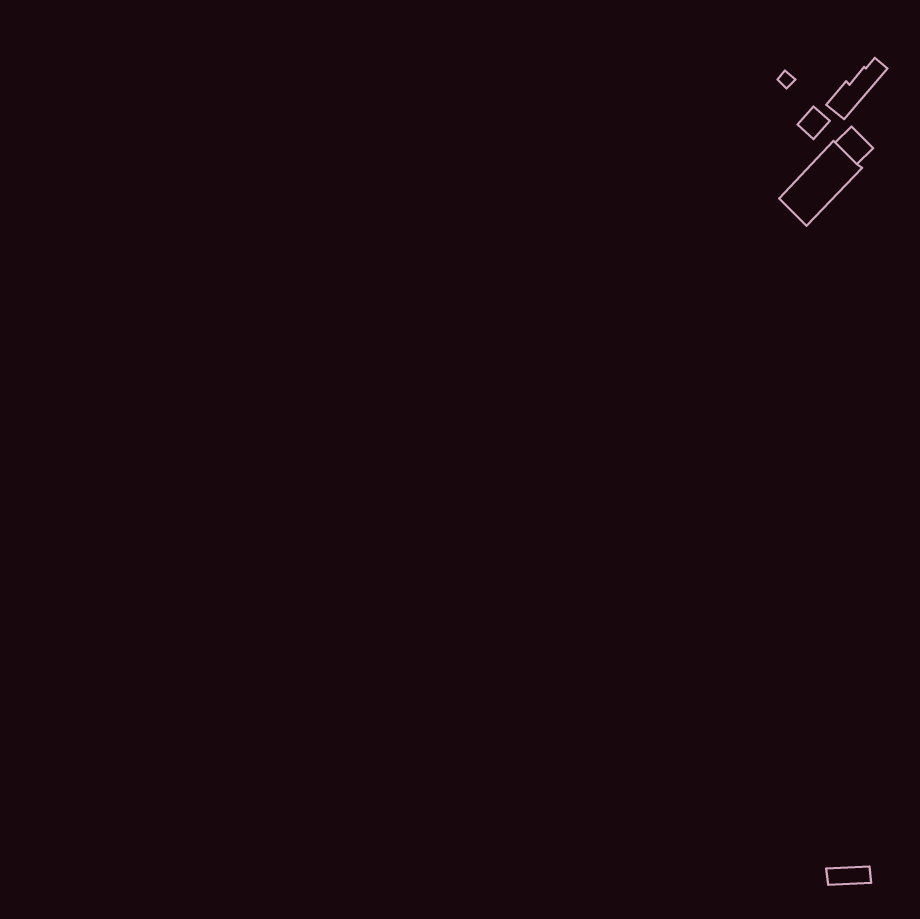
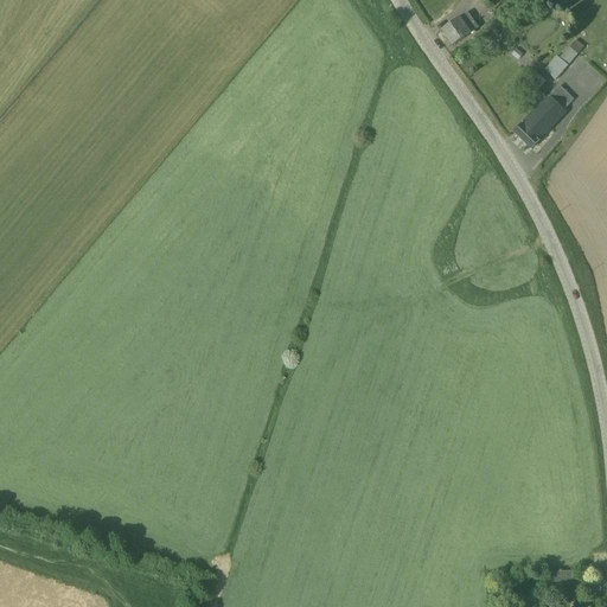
building: none -> [440,9,478,44]

